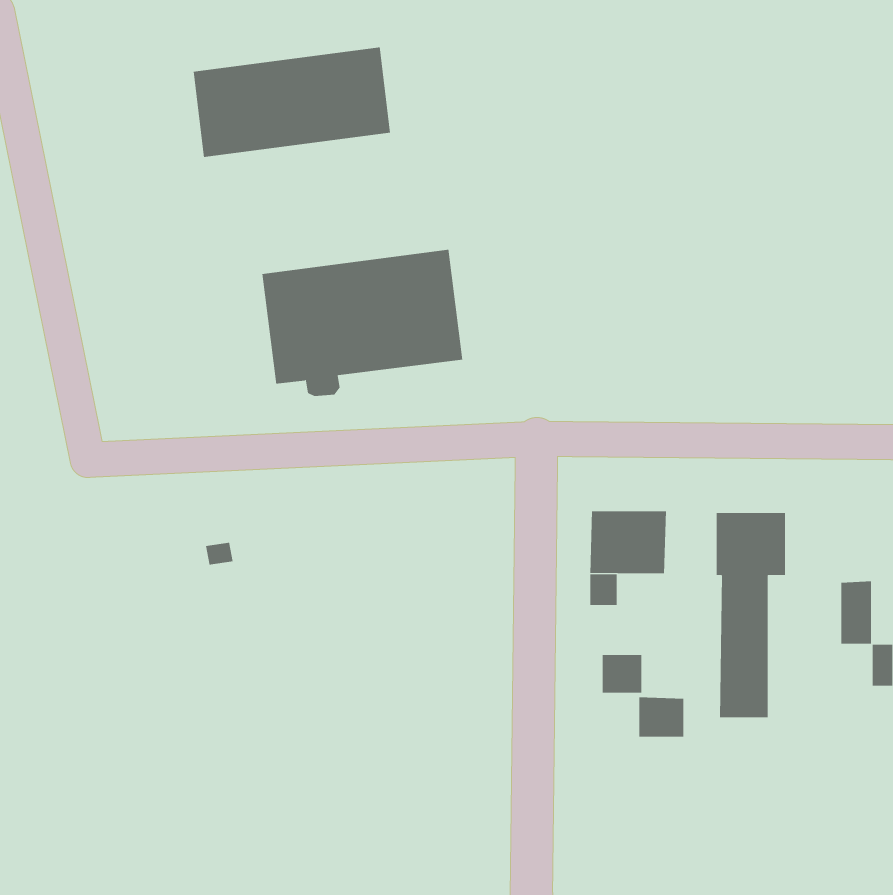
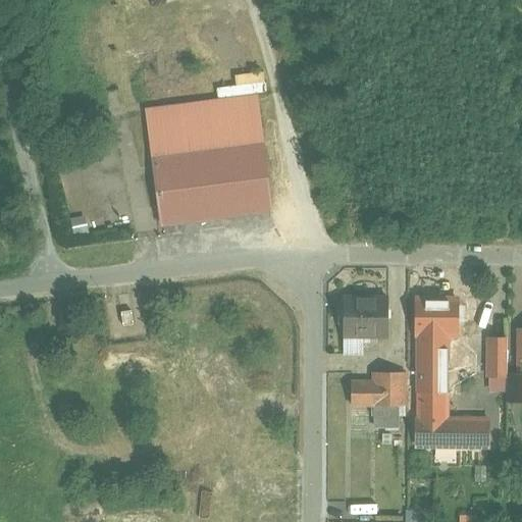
building: [193,47,391,157] -> [146,95,261,159]
building: none -> [373,371,405,404]
building: none -> [417,417,487,446]

